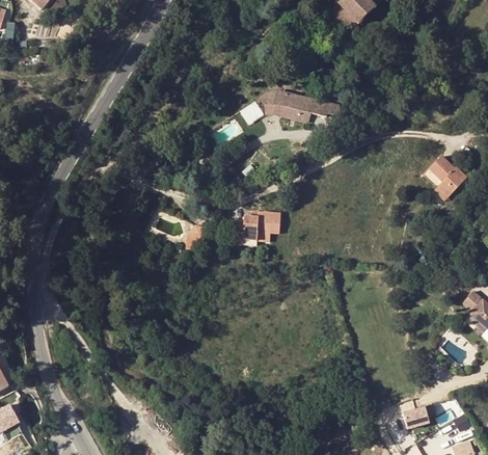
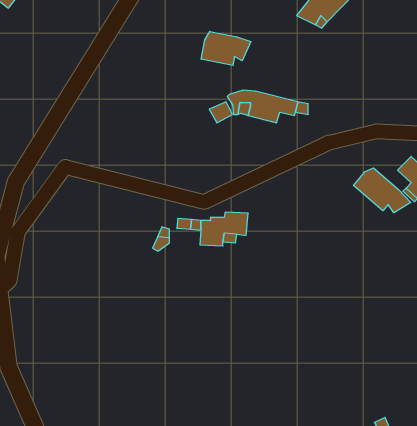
building: none -> [201,31,251,65]
building: none -> [354,168,411,213]

